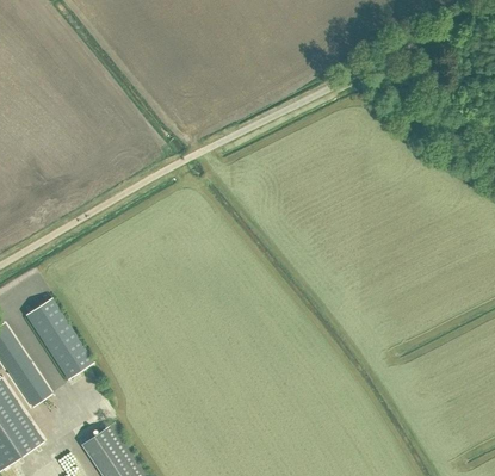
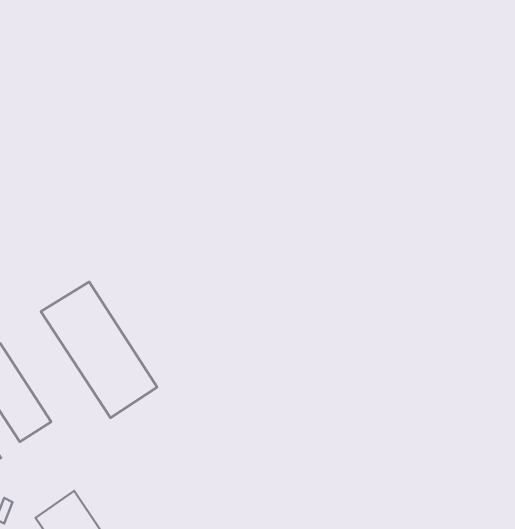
building: none -> [41,282,157,418]

